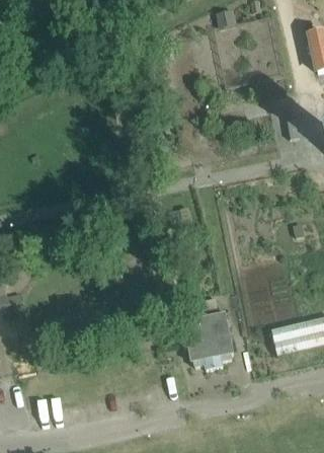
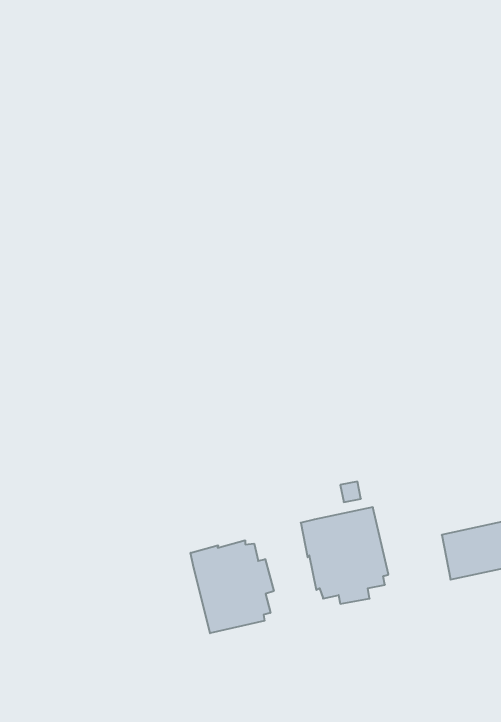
building: none -> [191,540,274,633]

